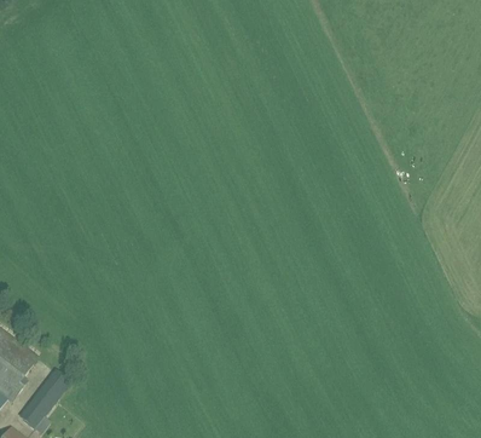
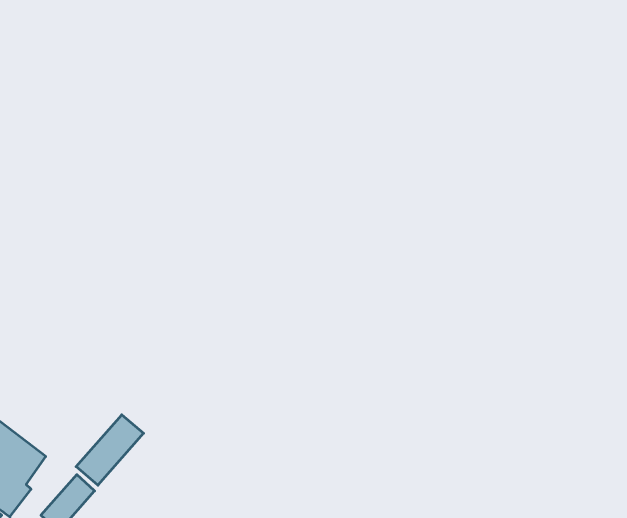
building: none -> [76,415,144,485]

